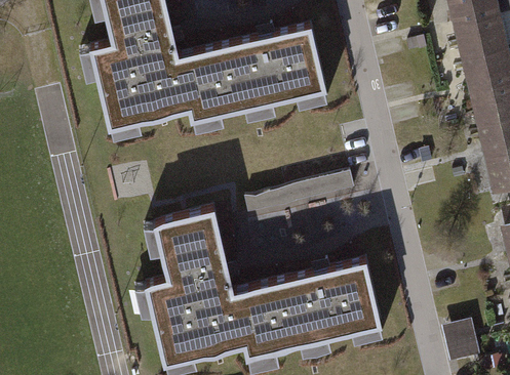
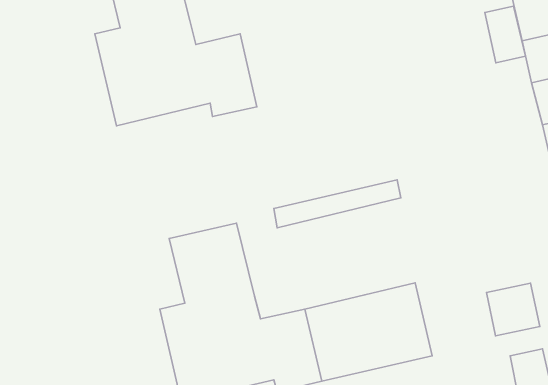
building: none -> [485,6,526,63]
building: [217,27,325,111] -> none
building: none -> [486,283,540,336]

